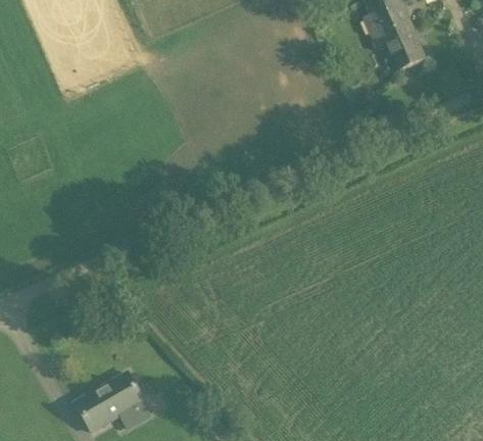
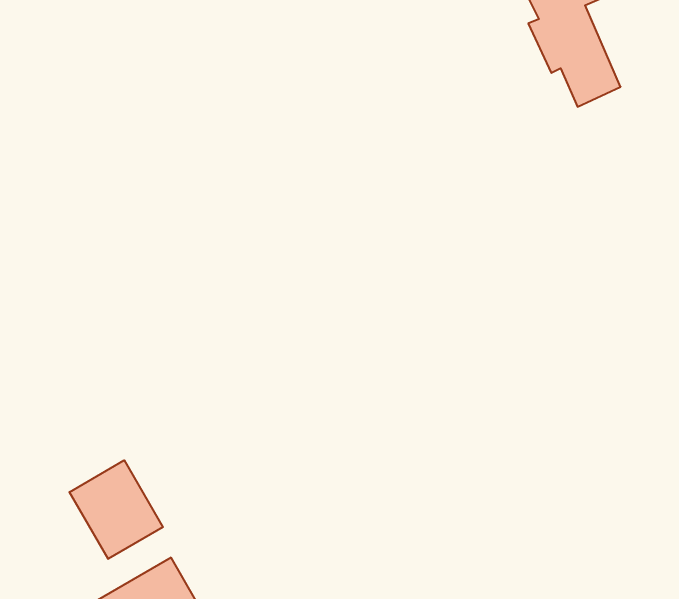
building: none -> [69,460,163,559]

